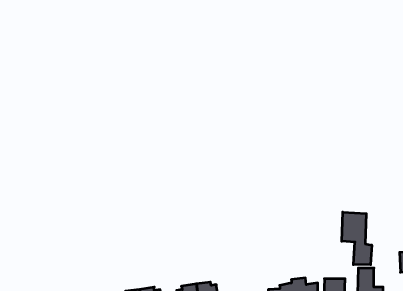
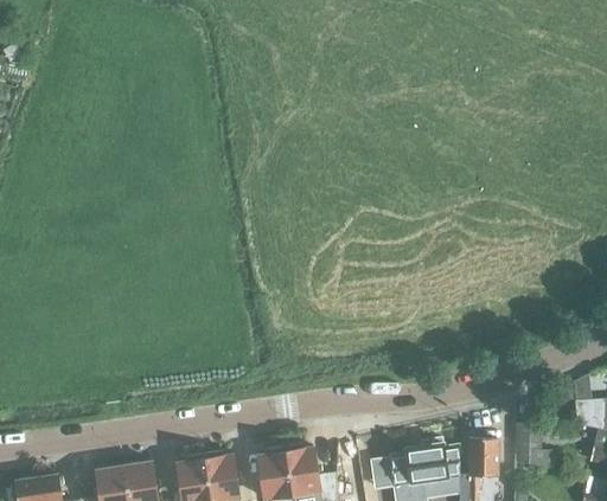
building: [342,212,372,265] -> none

